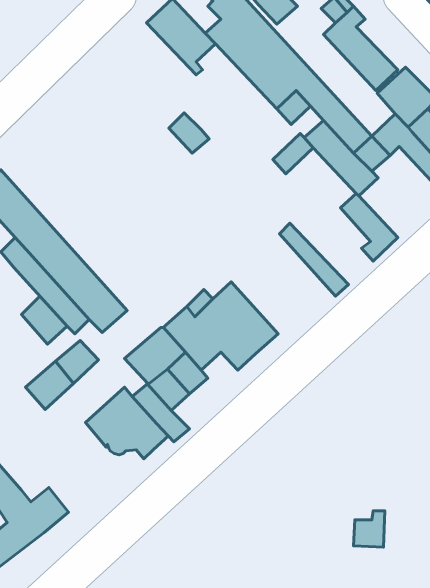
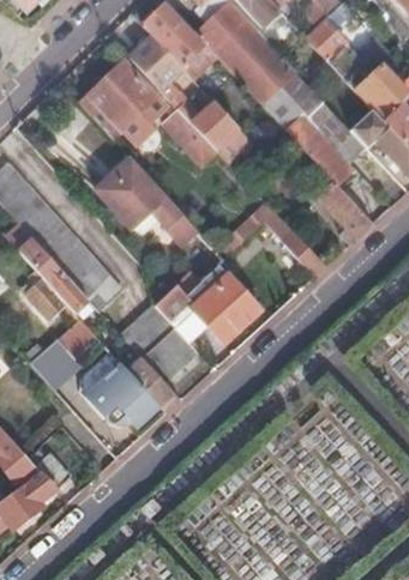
building: none -> [128,40,180,90]
building: none -> [82,64,157,138]
building: none -> [192,103,239,150]
building: none -> [97,158,202,246]

